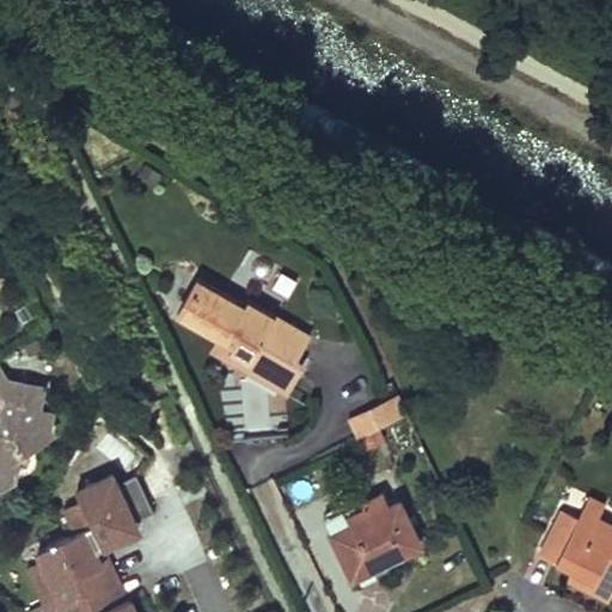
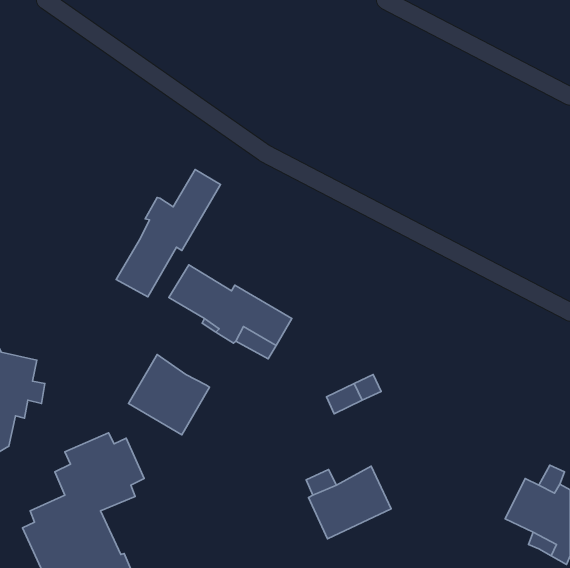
building: none -> [116,170,220,297]
building: none -> [128,354,209,435]

